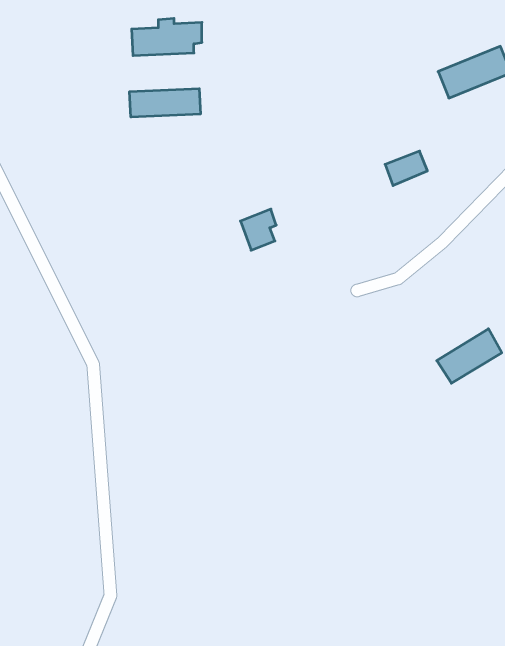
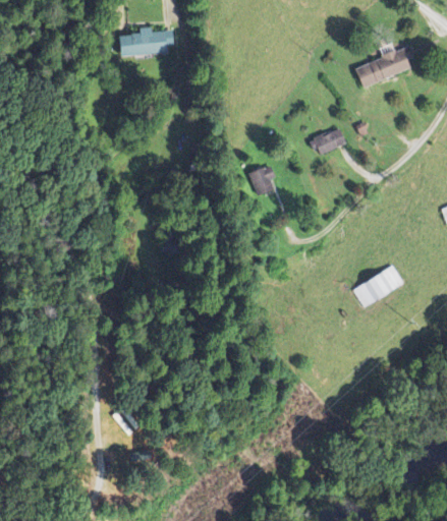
building: [130,89,200,117] -> none
building: [240,209,276,250] -> [248,164,276,195]

